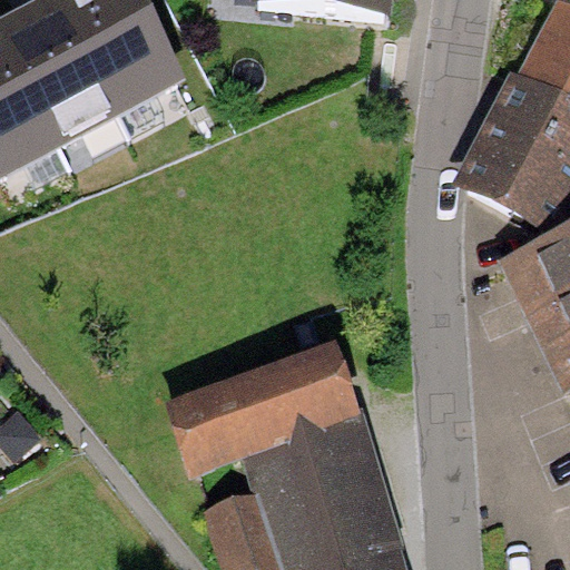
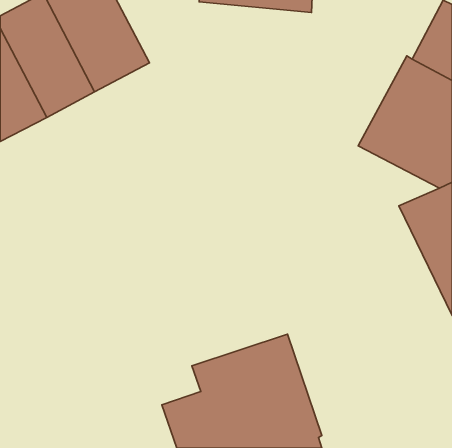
building: [165,343,362,478] -> none

